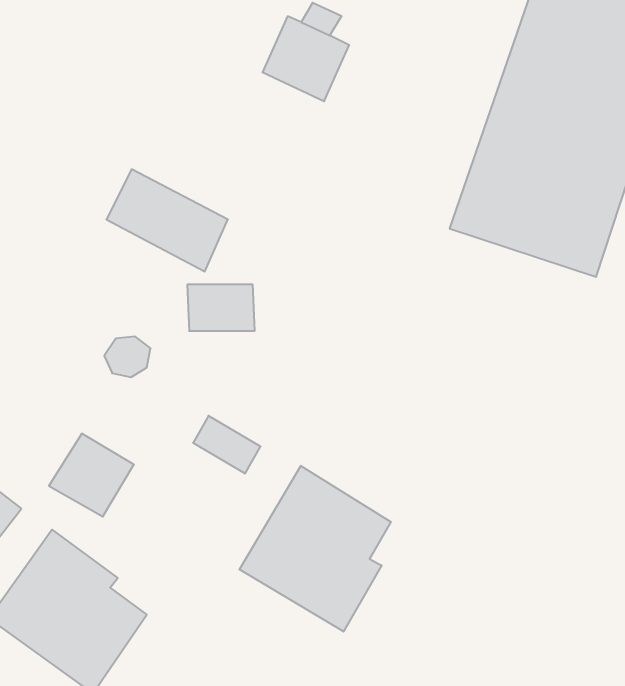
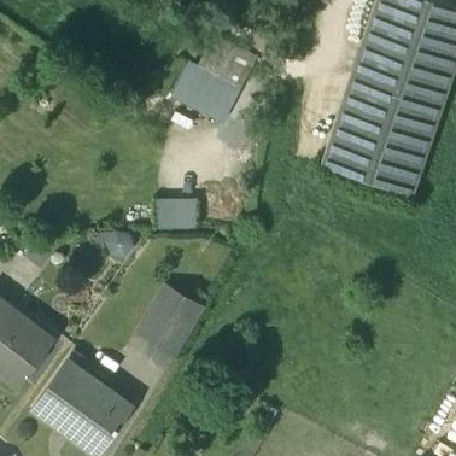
building: [106,169,228,272] -> [173,66,249,130]
building: [49,434,134,517] -> [140,300,193,352]
building: [239,466,391,632] -> none

